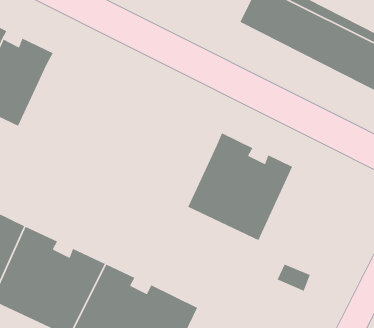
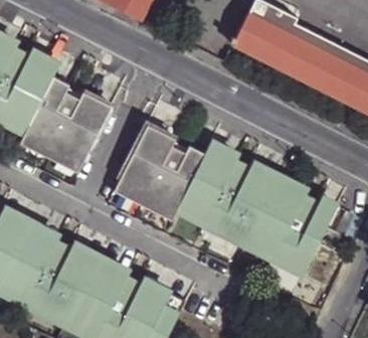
building: none -> [24,83,116,179]
building: none -> [120,129,210,224]
building: none -> [249,176,343,274]

